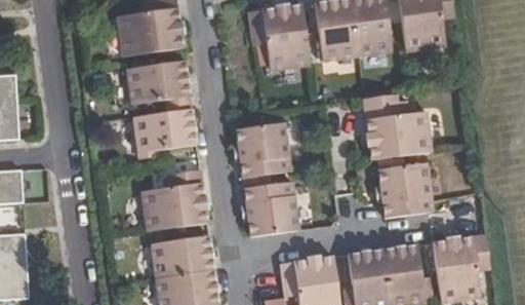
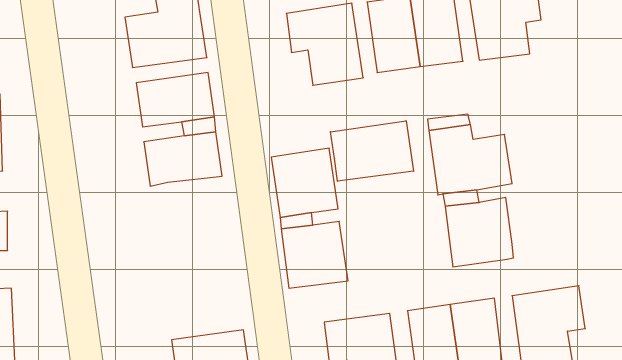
building: none -> [330,121,414,181]
building: [142,169,207,231] -> none
building: [150,235,213,278] -> none

